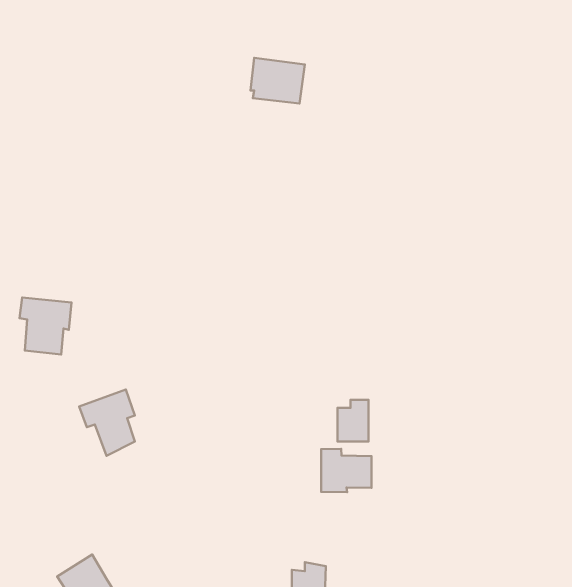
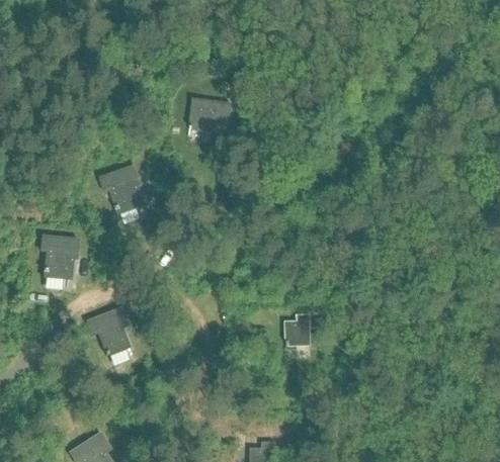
building: [250,58,305,103] -> [190,98,233,133]
building: none -> [100,164,146,213]
building: [321,449,371,492] -> none

